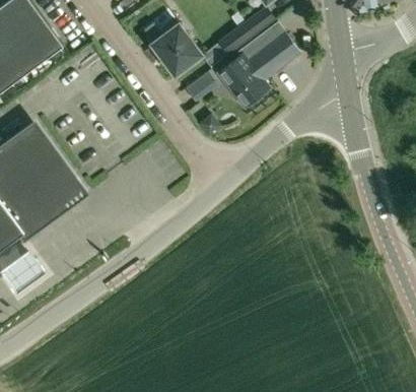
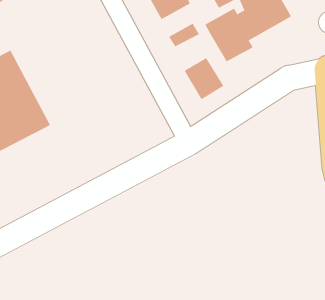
building: none -> [184,57,224,100]

